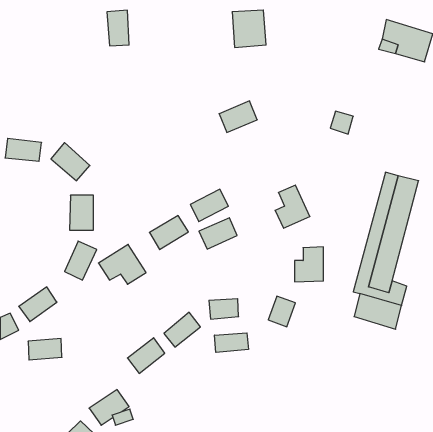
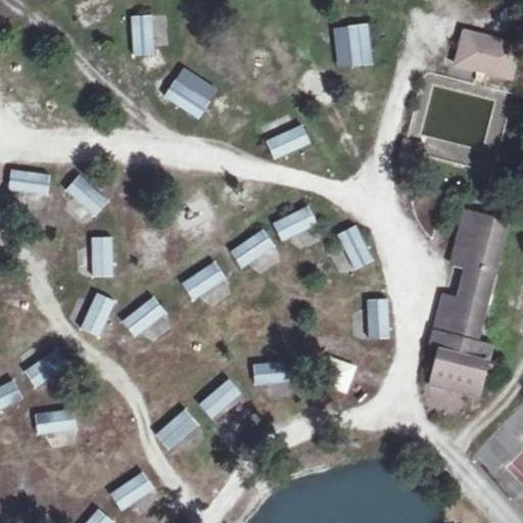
building: [232,10,266,47] -> [332,25,373,69]
building: none -> [162,66,219,121]
building: [199,218,237,249] -> [272,205,318,243]
building: [215,333,248,352] -> none

